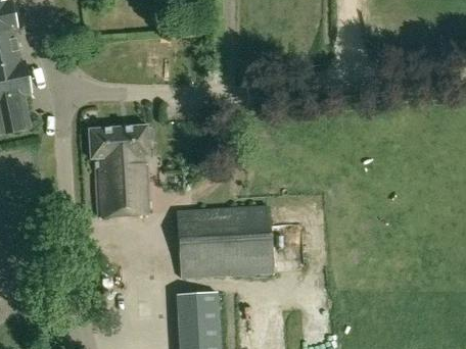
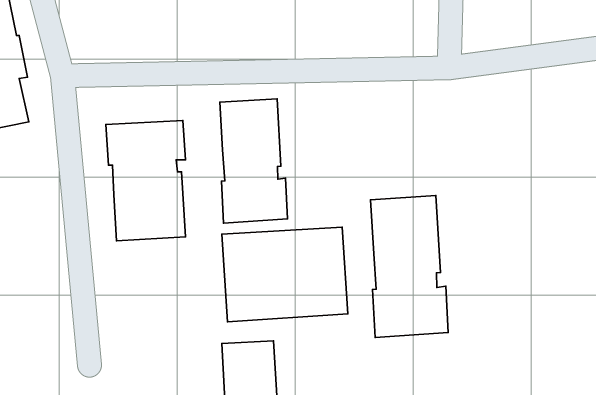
building: none -> [220,99,288,223]
building: none -> [370,196,448,338]

